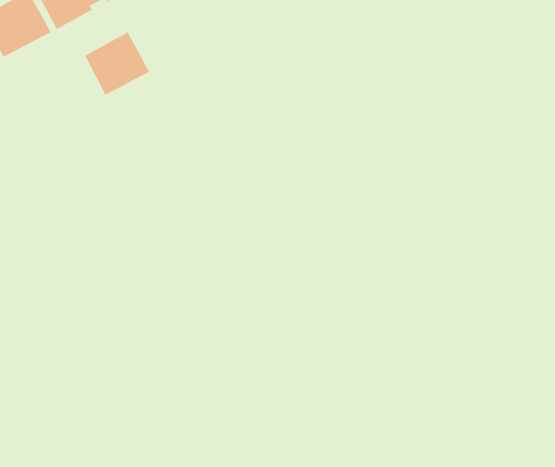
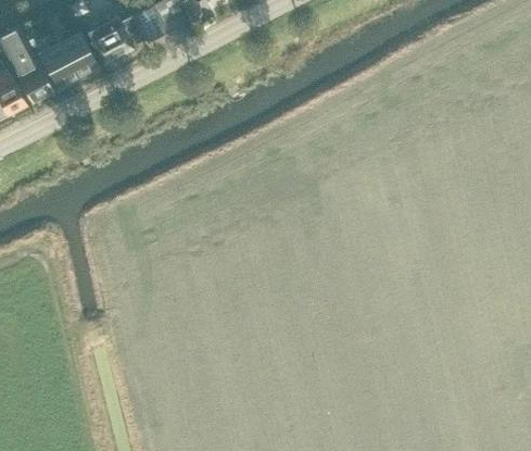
building: [84,32,150,95] -> none

